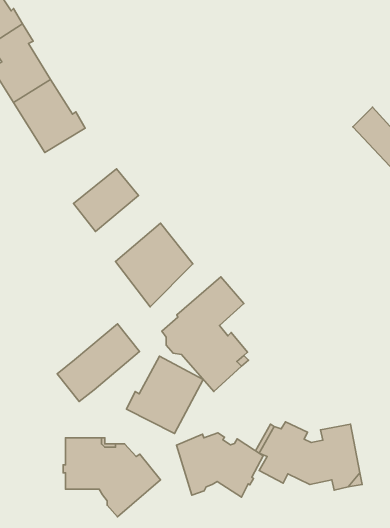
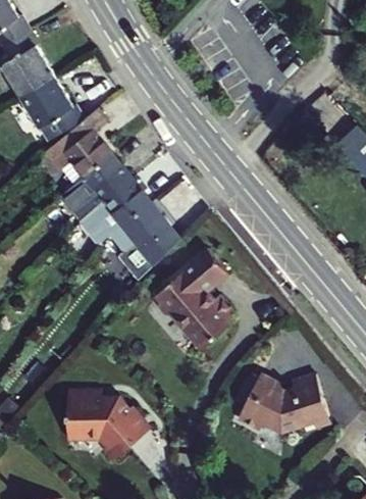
building: none -> [45,108,112,186]
building: [57,324,139,402] -> [79,179,151,247]
building: [127,356,203,434] -> none
building: [176,433,263,497] -> none

